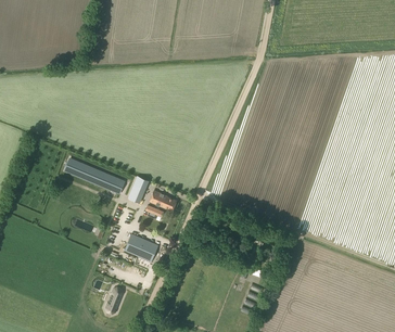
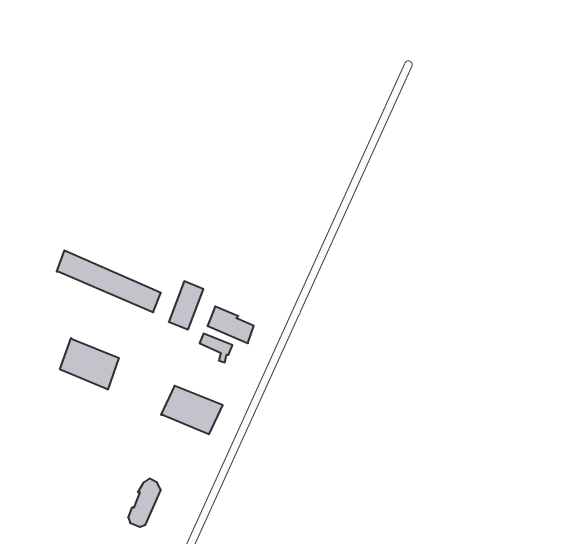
building: none -> [60,338,119,390]

